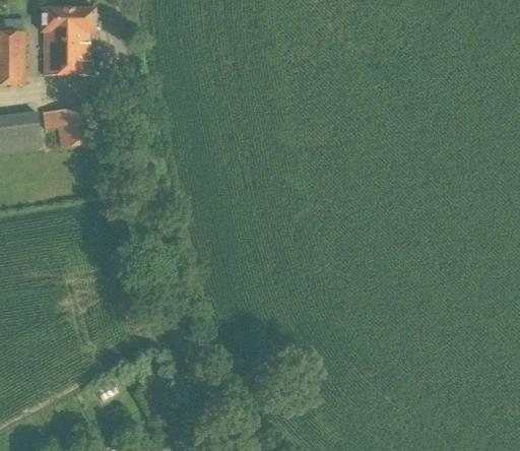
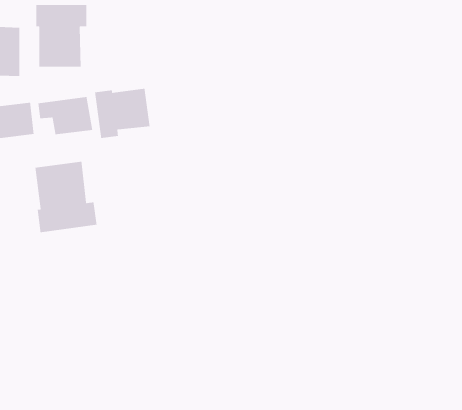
building: none -> [94,88,150,139]
building: none -> [34,161,98,233]

